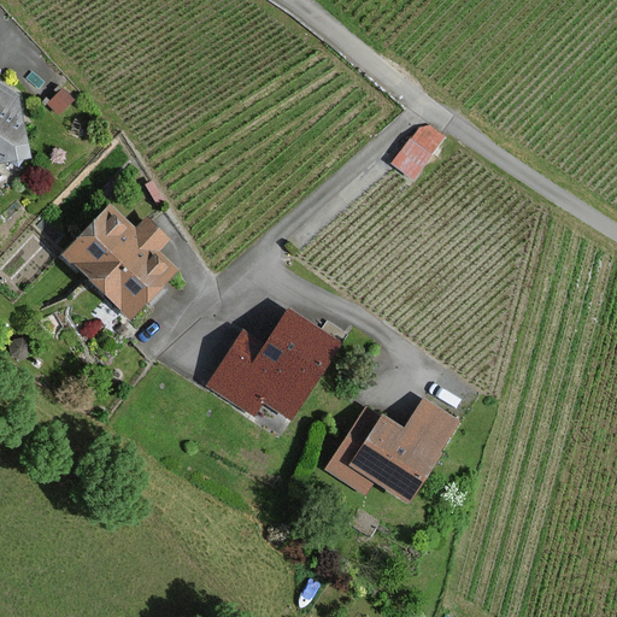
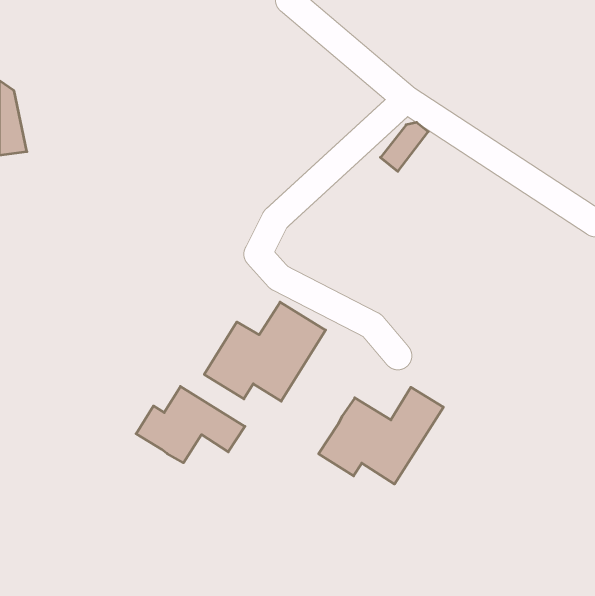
building: [64,207,175,317] -> none
building: none -> [136,386,245,463]

